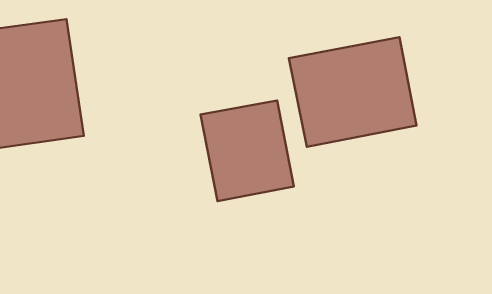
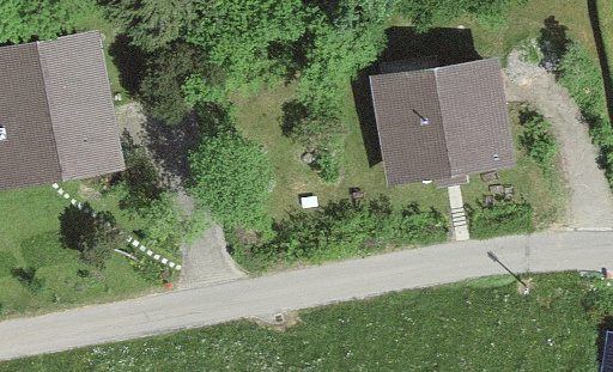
building: [201,100,294,201] -> none

